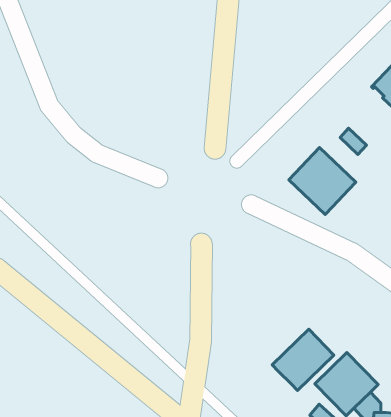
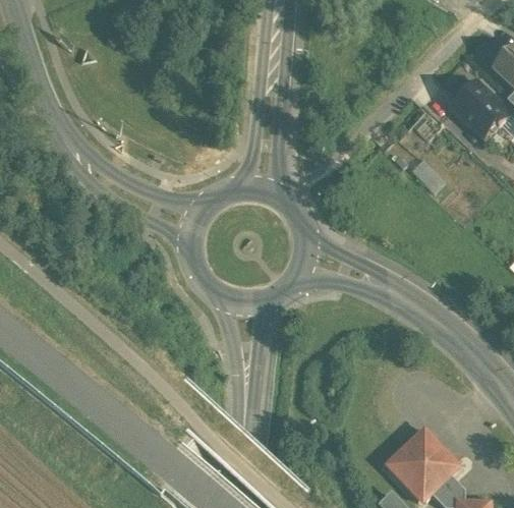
building: [289,147,356,214] -> none
building: [272,329,334,391] -> none

